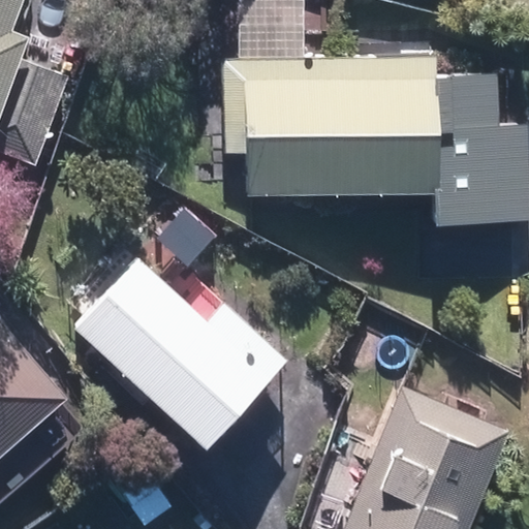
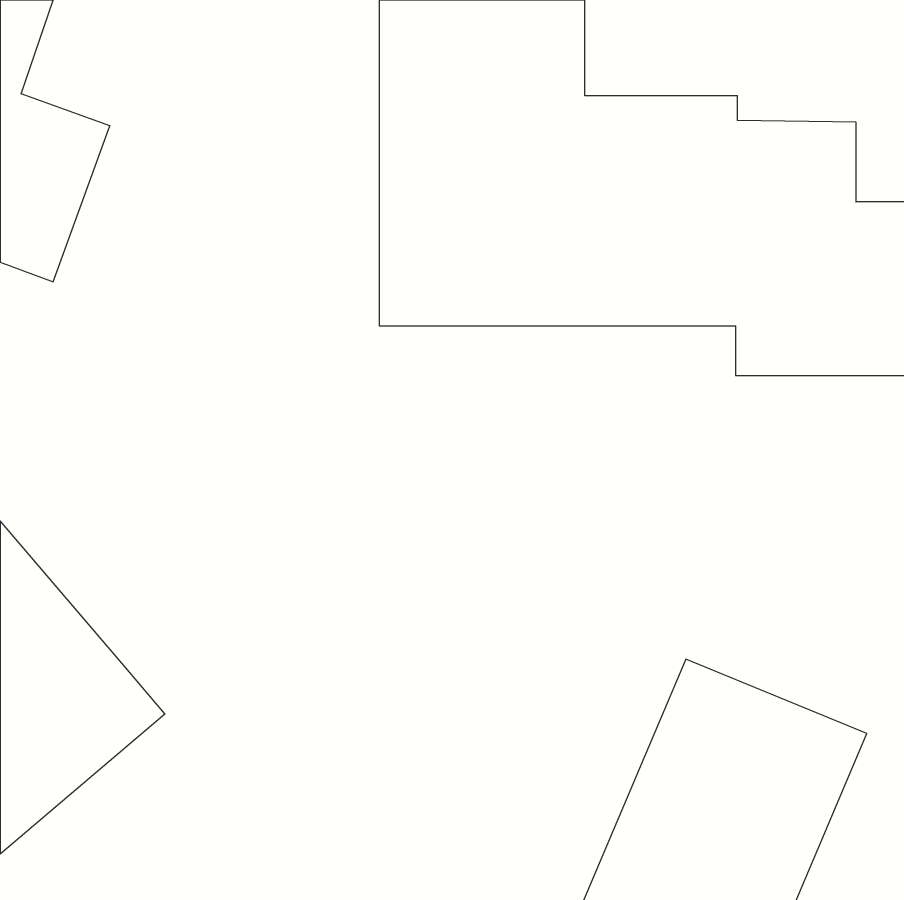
building: [72,257,279,442] -> none

